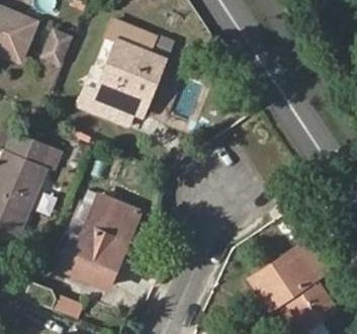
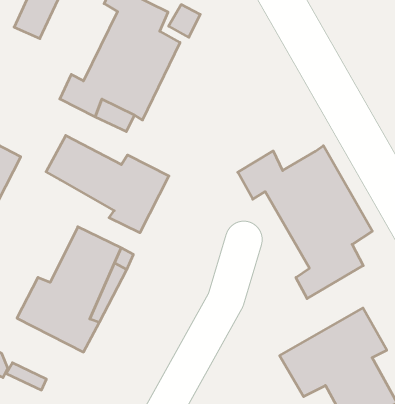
building: none -> [238,146,372,299]
building: none -> [46,135,169,233]

